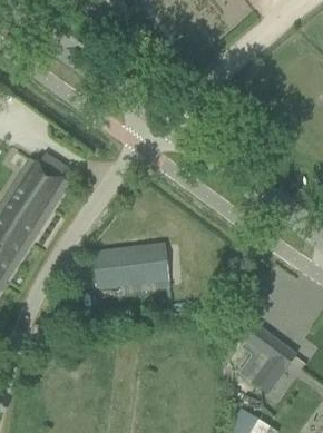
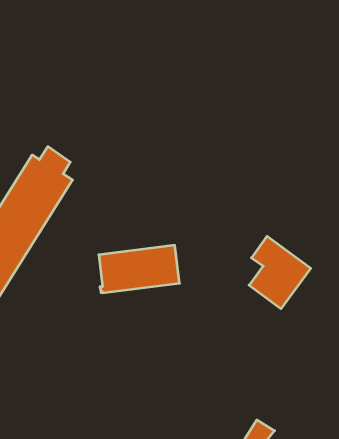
building: [238,326,296,394] -> [249,236,311,309]

